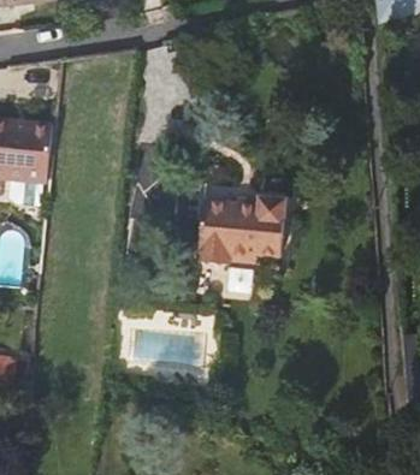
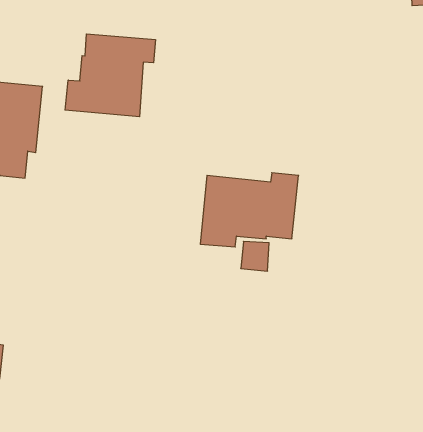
building: none -> [65,34,155,117]

